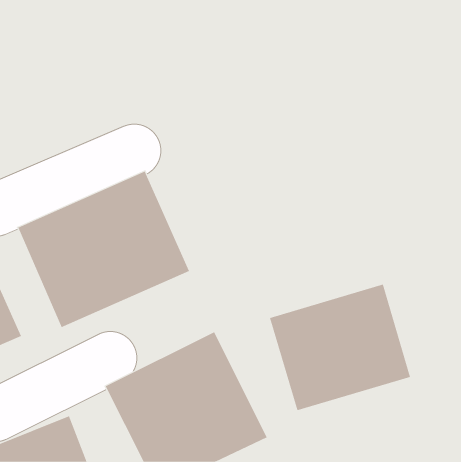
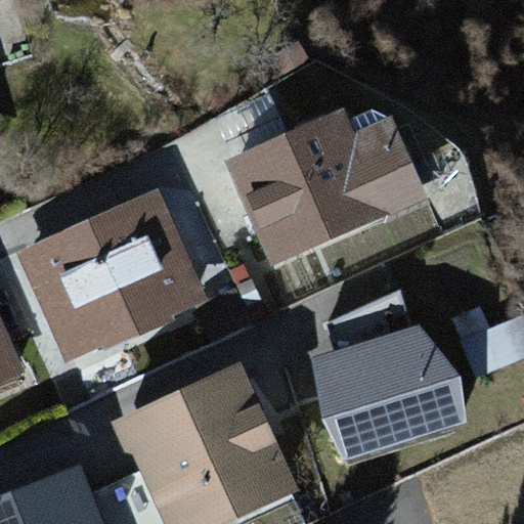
building: none -> [224,106,426,265]

